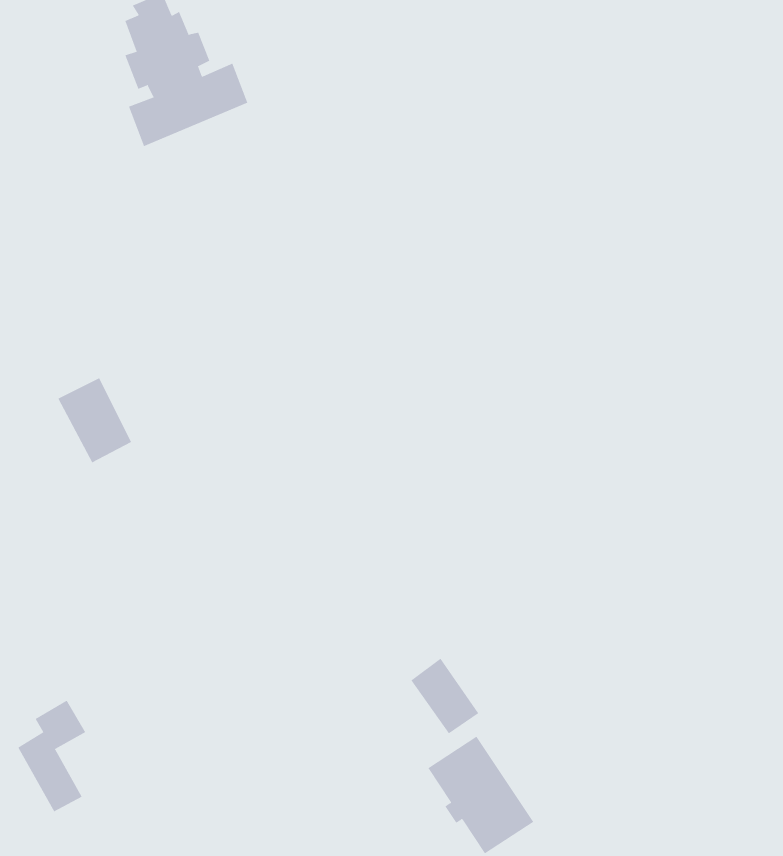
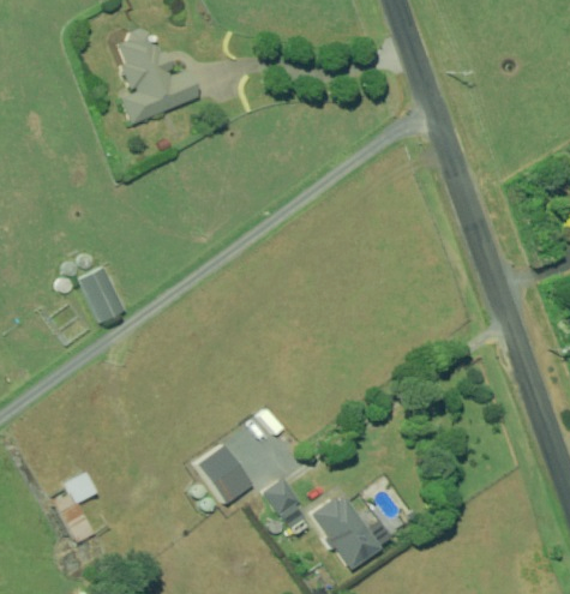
building: none -> [198,445,253,503]
building: [410,658,479,734] -> [263,480,306,528]

